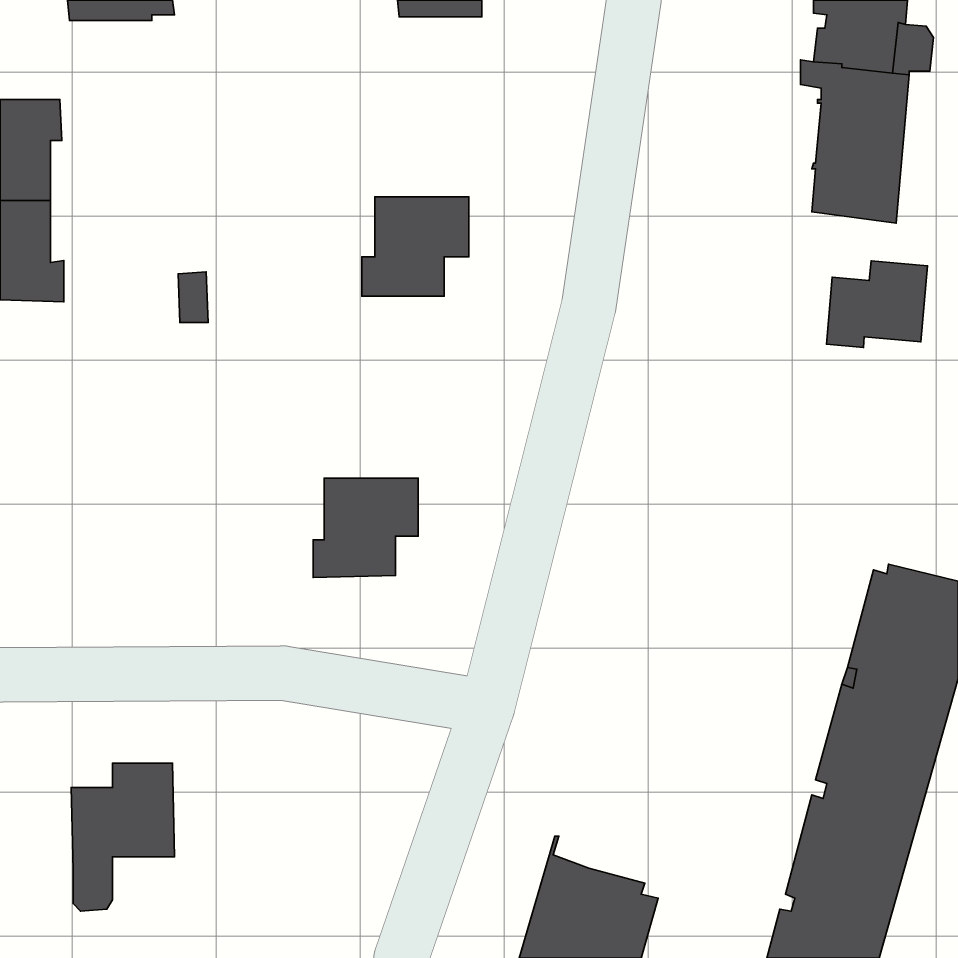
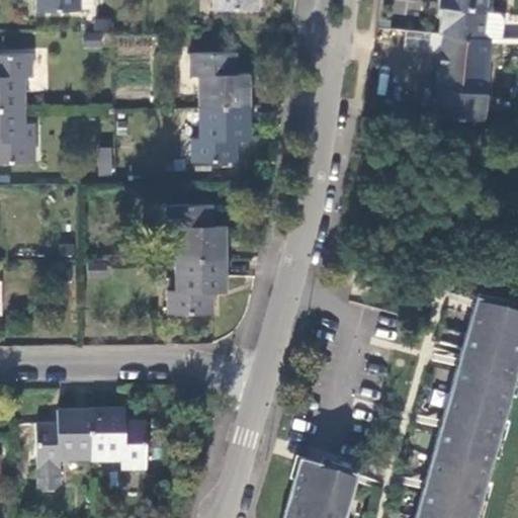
building: none -> [193,51,253,106]
building: [826,261,927,347] -> none
building: none -> [168,204,226,258]
building: none -> [93,411,149,468]

